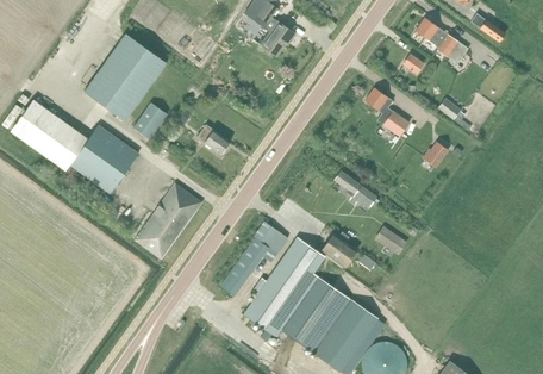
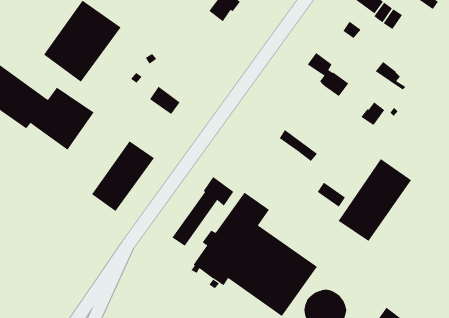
building: [131,101,167,139] -> none
building: none -> [338,158,412,242]
building: [322,232,357,267] -> none

